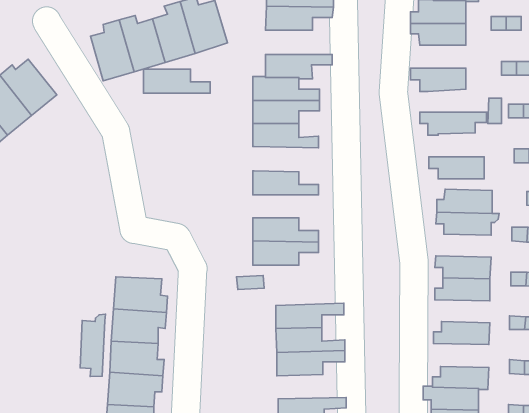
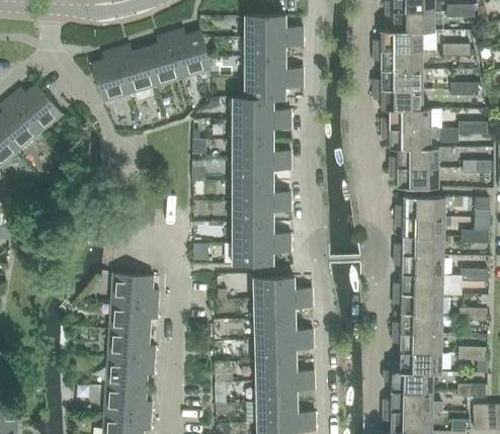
building: none -> [372,71,421,91]
building: [143,69,210,93] -> [245,58,304,79]
building: none -> [381,109,429,129]
building: none -> [389,148,437,169]
building: none -> [234,160,291,182]
building: none -> [234,202,291,223]
building: none -> [395,237,443,257]
building: none -> [253,276,314,299]
building: none -> [394,294,442,315]
building: [80,314,105,376] -> none
building: none -> [393,333,441,354]
building: none -> [255,360,316,381]

